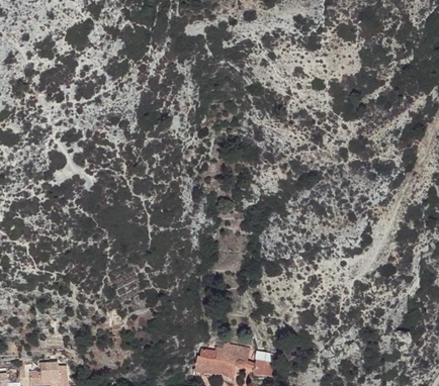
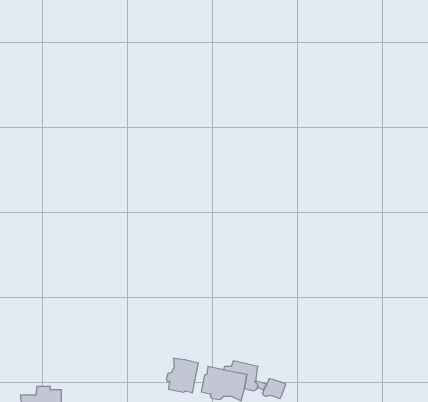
building: none -> [166,358,198,393]

